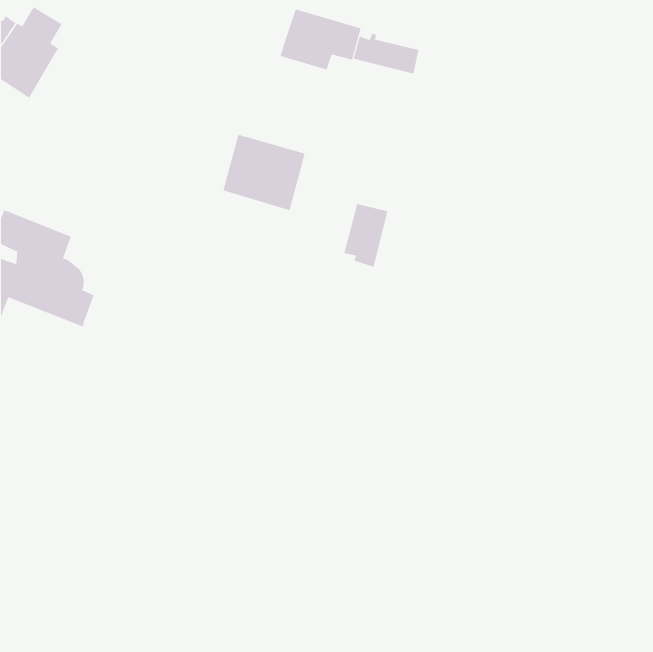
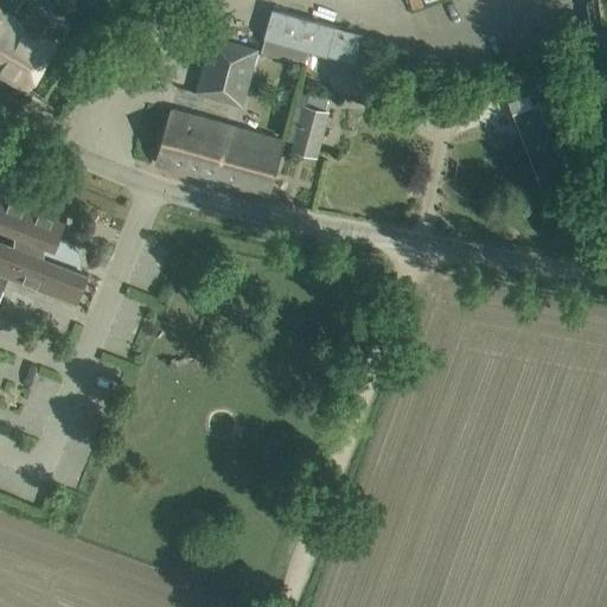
building: none -> [196,38,257,108]
building: none -> [154,111,221,178]
building: [344,203,388,267] -> [286,94,327,153]

